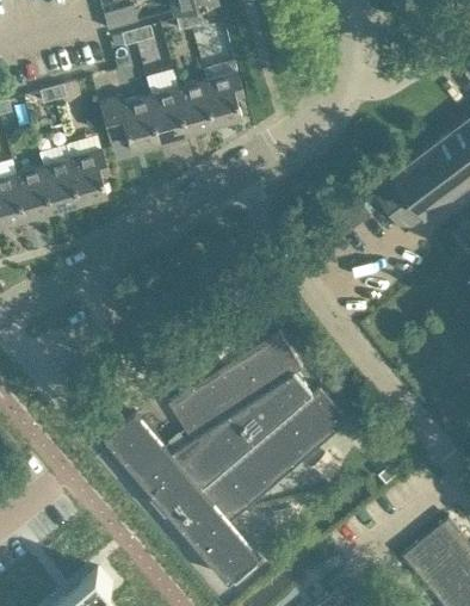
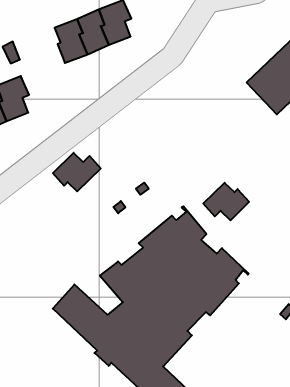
building: [97,97,155,149] -> none
building: none -> [53,153,101,191]
building: none -> [203,183,249,220]

